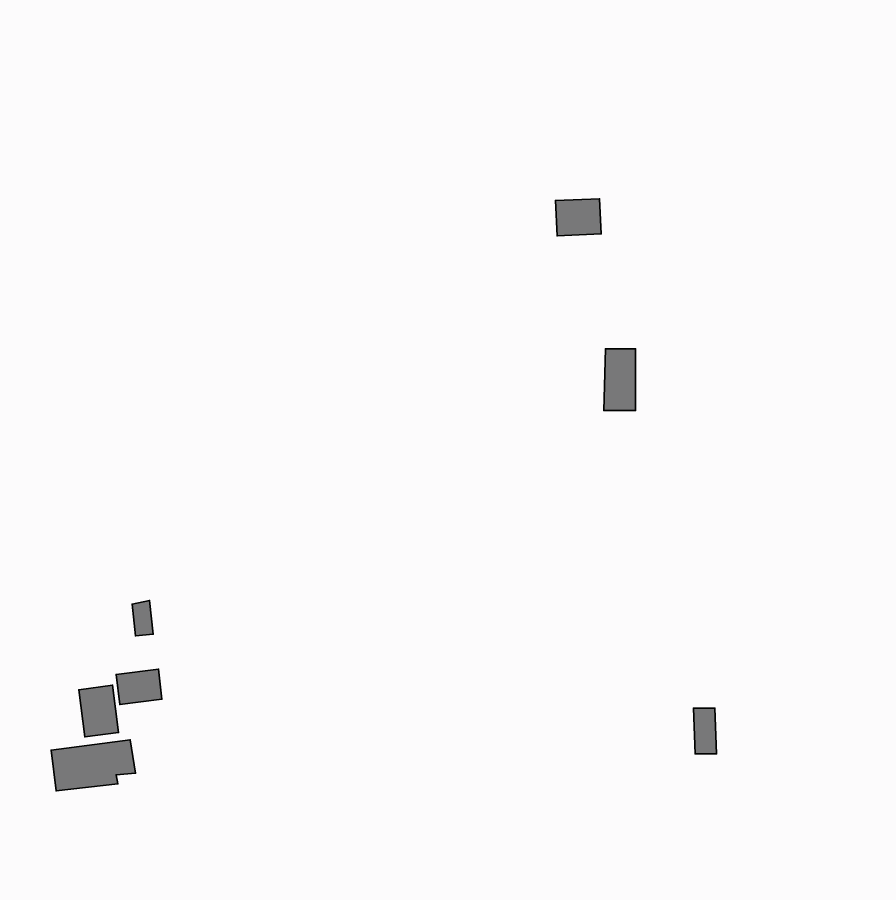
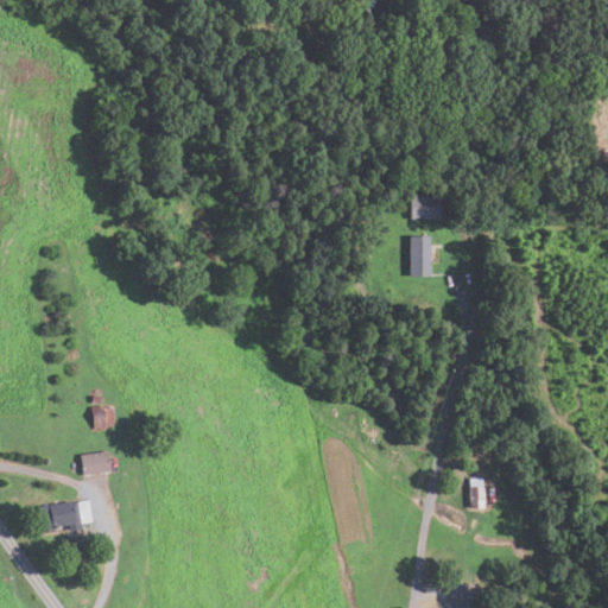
building: [555,199,601,236] -> [411,194,442,218]
building: [79,685,118,737] -> none

